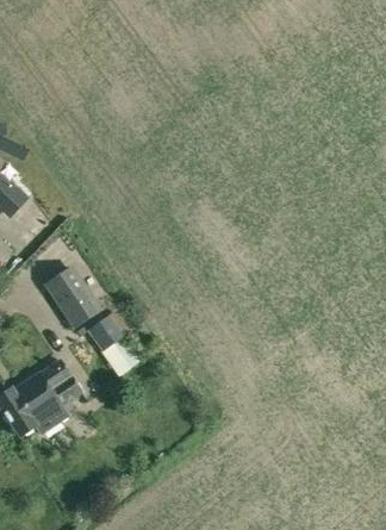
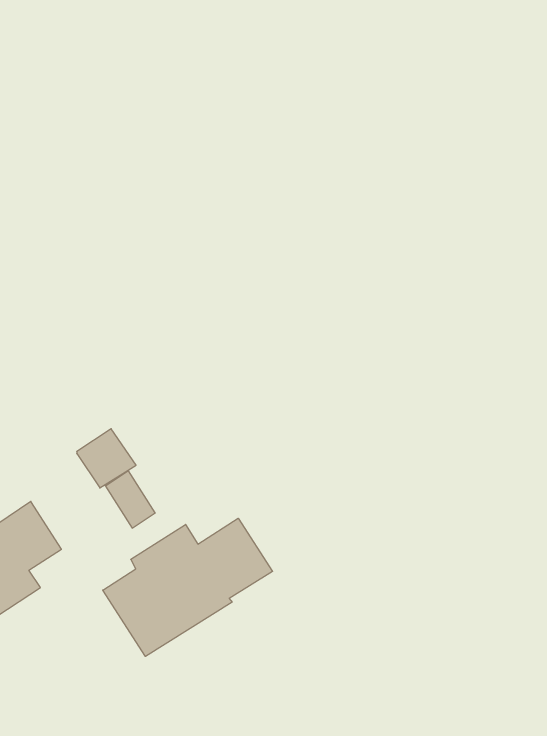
building: [52,263,105,318] -> none
building: none -> [103,518,273,656]

